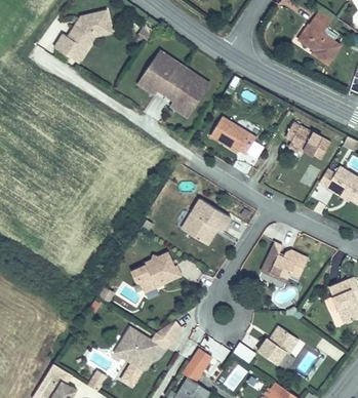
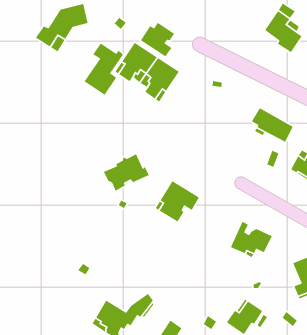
building: none -> [140,22,175,57]
building: none -> [83,43,124,96]
building: [209,116,255,154] -> none
building: [131,251,182,292] -> [103,153,150,192]

